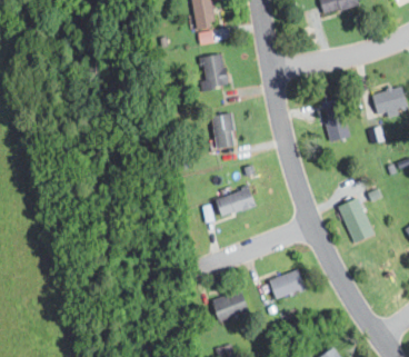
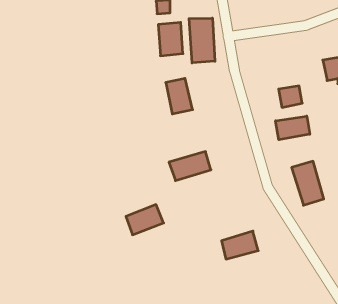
building: none -> [189,18,215,63]
building: none -> [276,116,310,140]
building: [211,290,250,321] -> [126,205,164,235]

